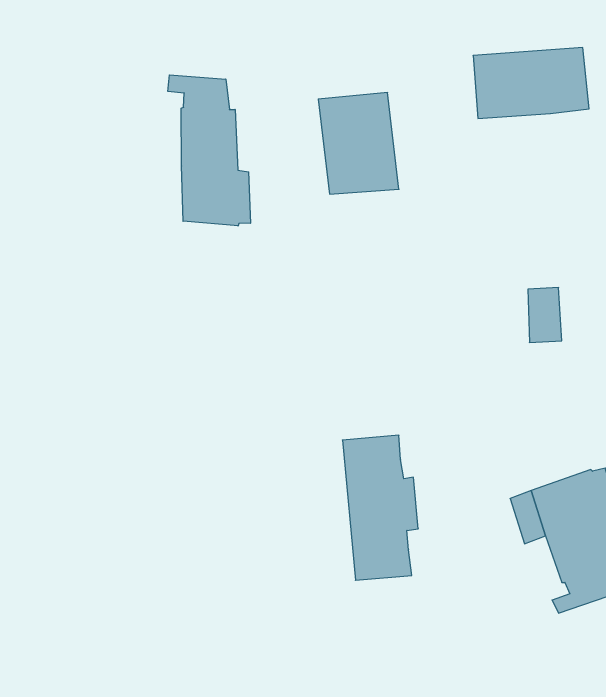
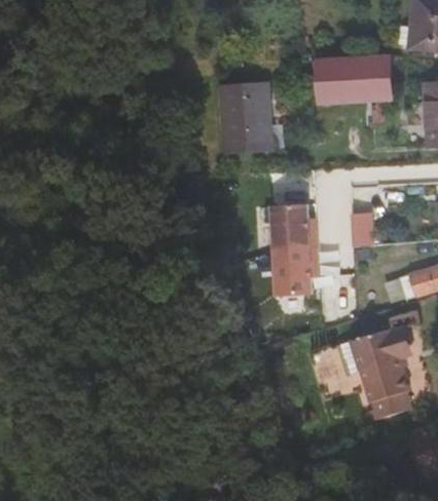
building: [168,75,250,226] -> none
building: [342,435,418,580] -> [270,204,319,297]

